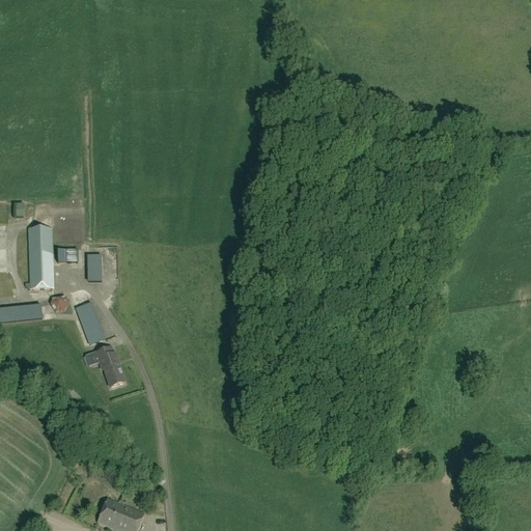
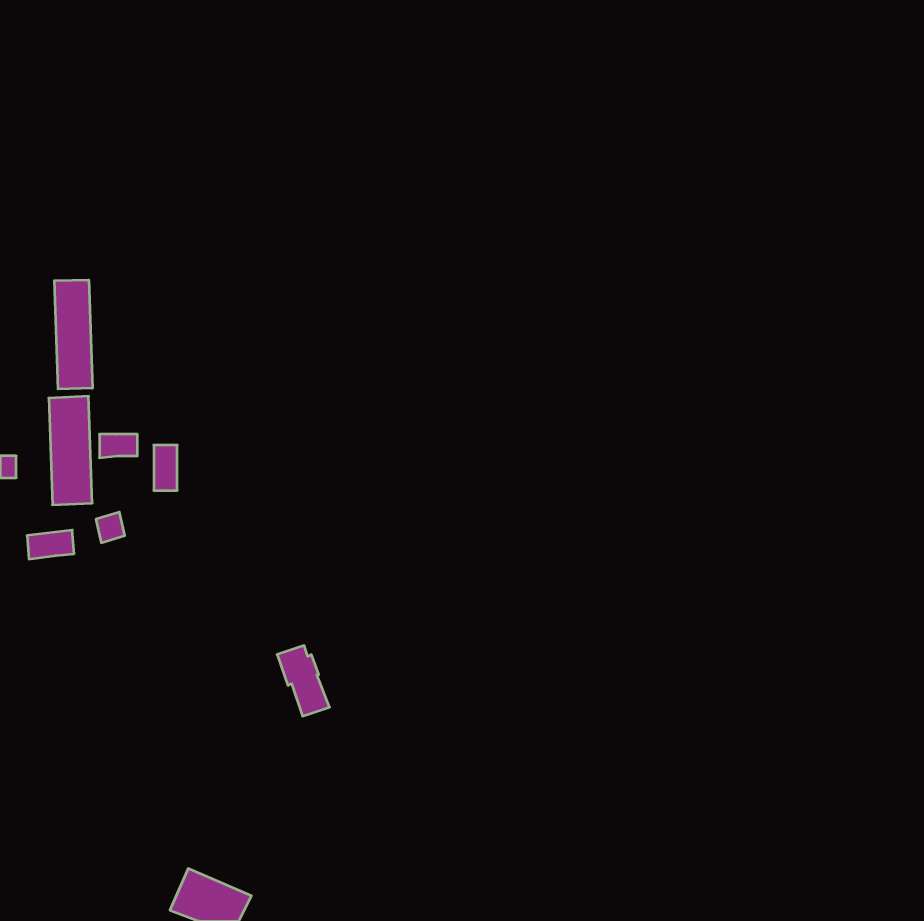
building: none -> [54,280,92,389]
building: [72,290,104,344] -> none
building: [95,346,125,387] -> [277,646,330,716]

